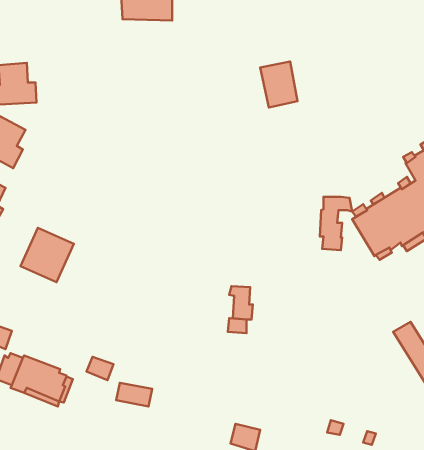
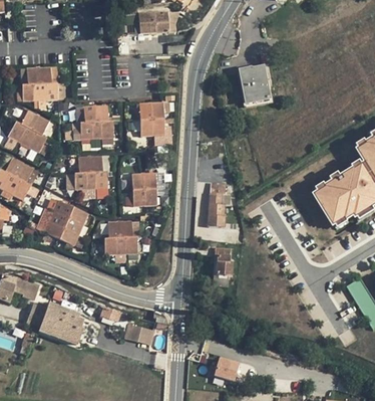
building: none -> [138,102,164,135]
building: none -> [80,105,113,138]
building: none -> [75,156,107,189]
building: none -> [131,172,157,205]
building: [320,197,352,250] -> [208,182,234,225]
building: none -> [104,220,137,253]

